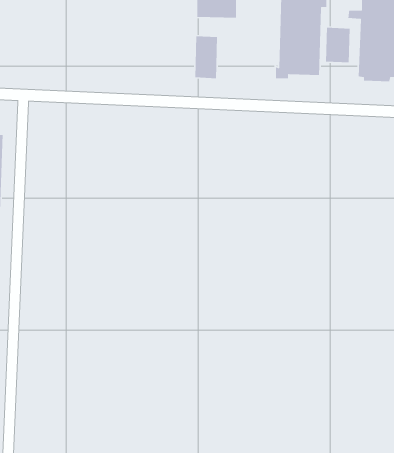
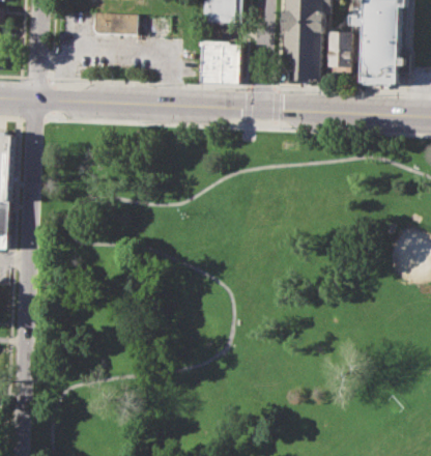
building: none -> [92,10,136,34]
building: none -> [221,40,240,83]

